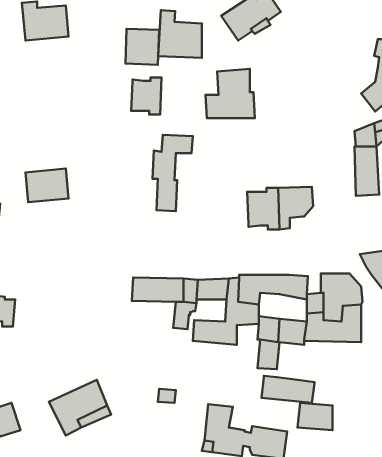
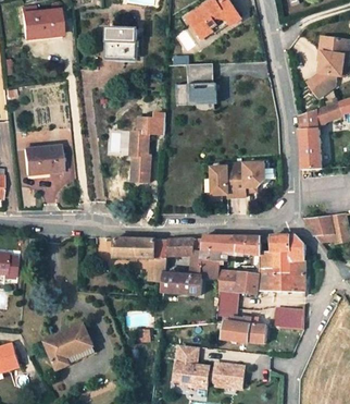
building: [158,10,202,58] -> none
building: [131,77,161,114] -> none
building: [298,403,333,430] -> [275,307,304,330]

